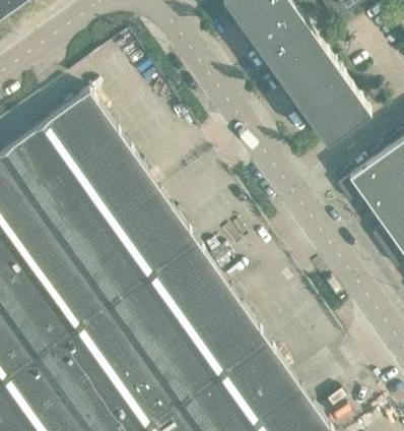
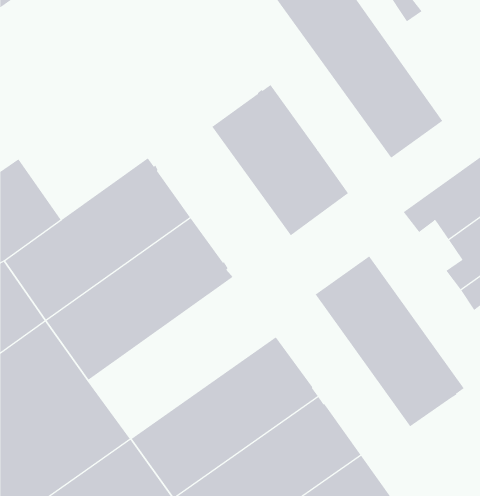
building: none -> [212,84,349,236]
building: [16,90,124,193] -> none
building: none -> [315,256,465,427]
building: [74,241,230,376] -> none

